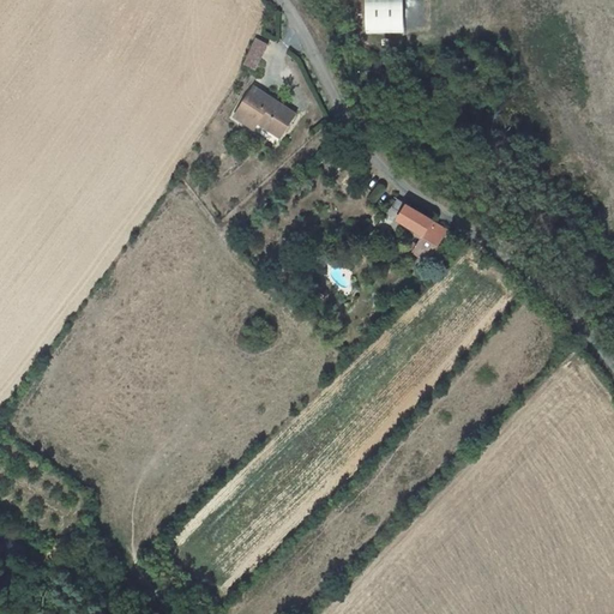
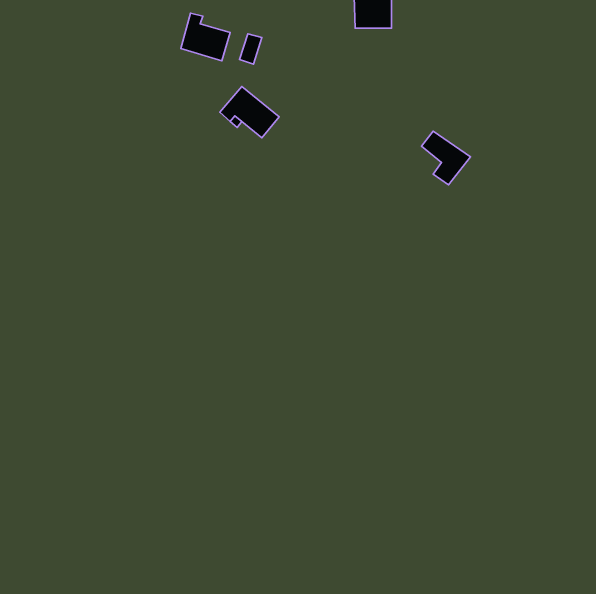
building: none -> [181,13,230,61]
building: [397,203,447,258] -> [422,131,471,185]

